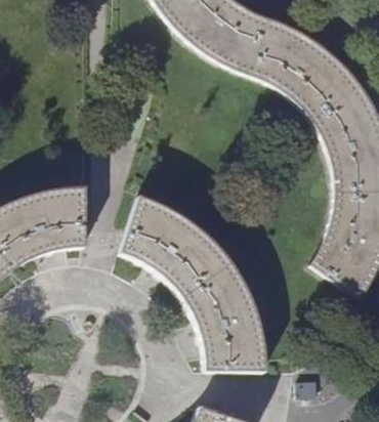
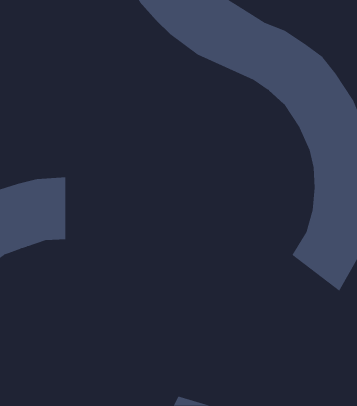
building: [119,192,267,367] -> none

